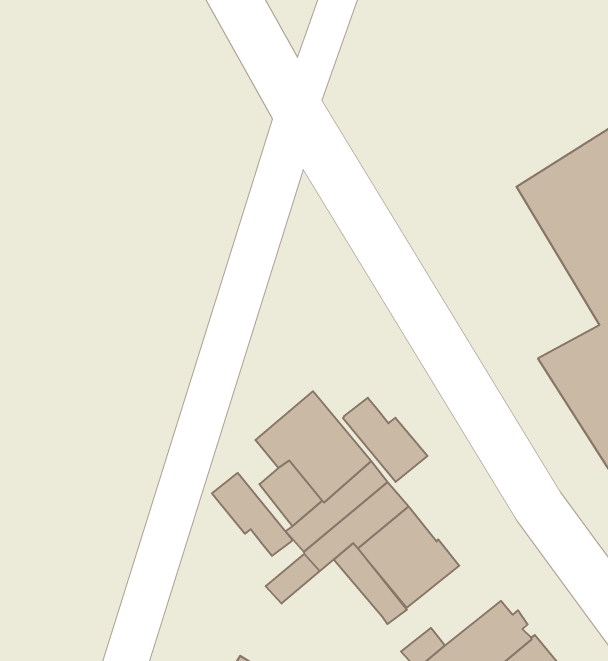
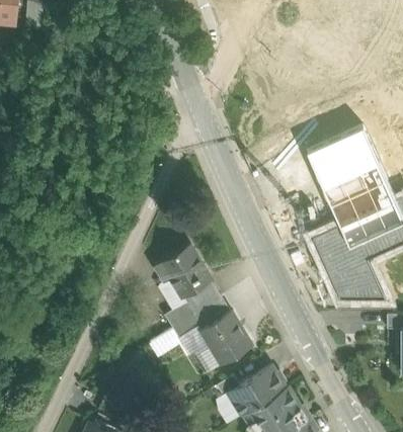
building: [343,398,427,482] -> none
building: [212,473,292,556] -> none

